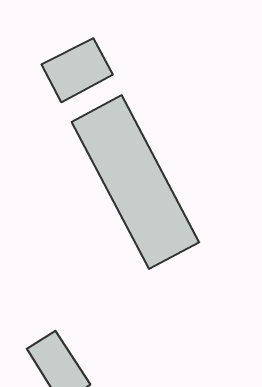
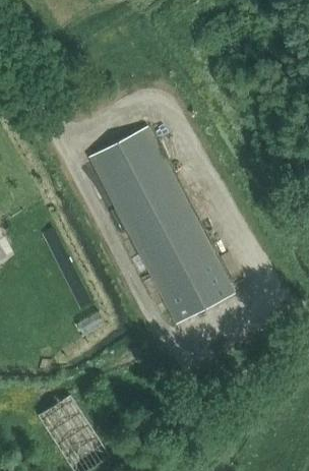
building: [41,38,113,102] -> none

